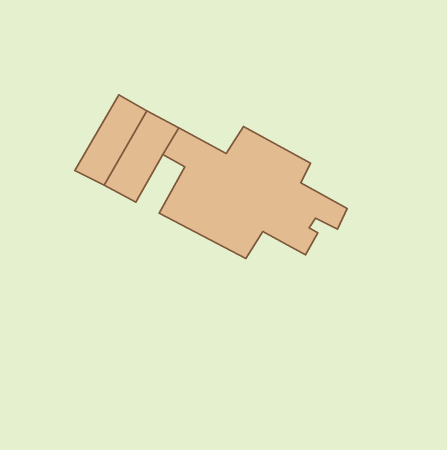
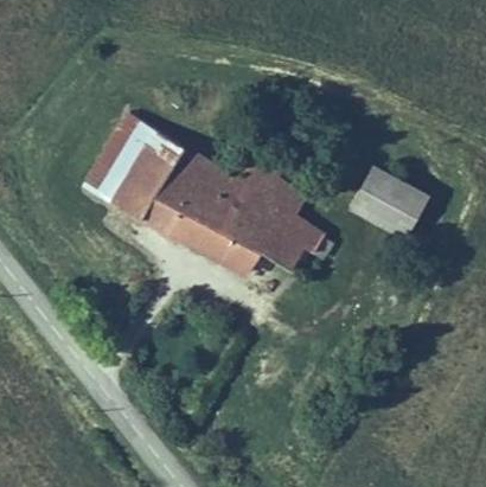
building: none -> [353,155,435,224]
building: none -> [141,180,188,237]

